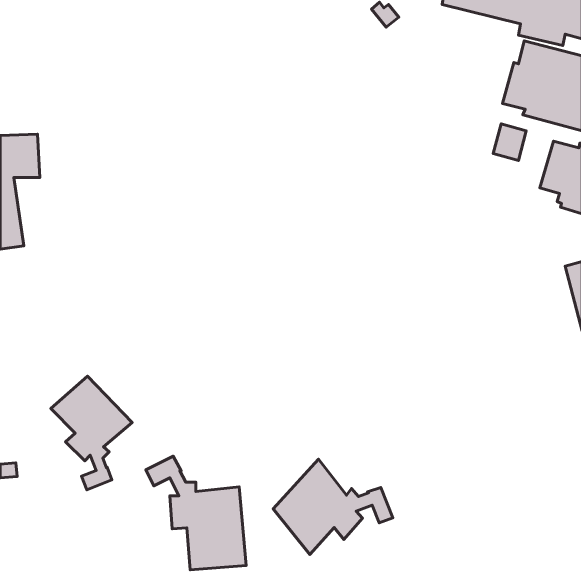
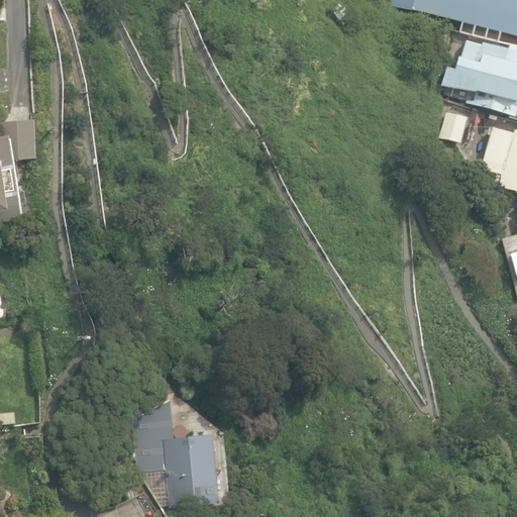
building: [51,376,132,490] -> none
building: [273,459,393,554] -> none

